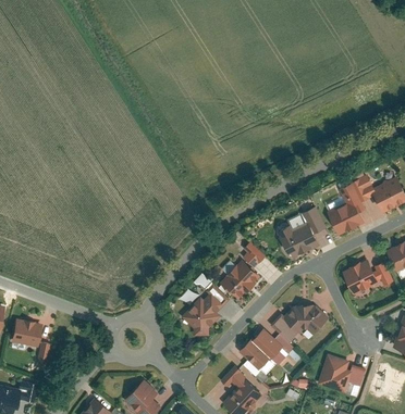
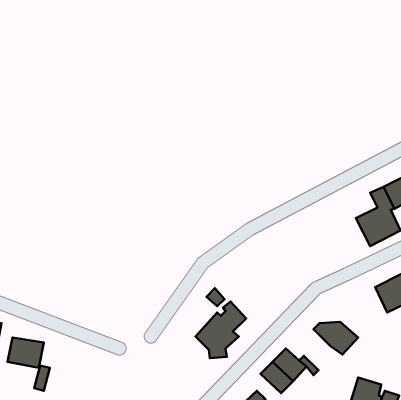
building: [278,208,330,260] -> none
building: [218,242,263,302] -> none
building: [273,311,303,341] -> none

